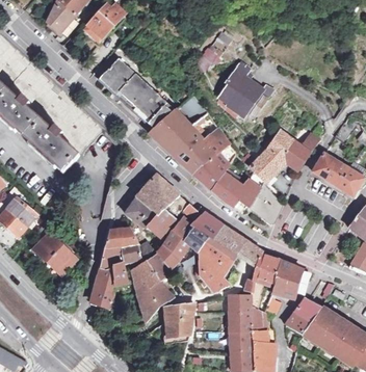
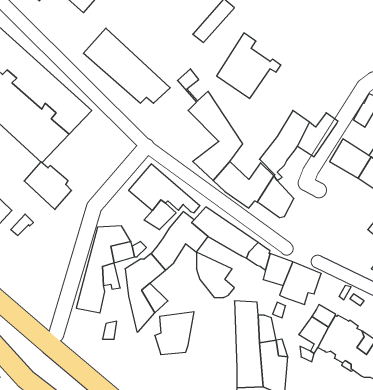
building: [147,102,215,172] -> none
building: [125,197,157,230] -> none
building: [33,232,75,273] -> [24,162,72,210]
building: [195,238,235,266] -> none

